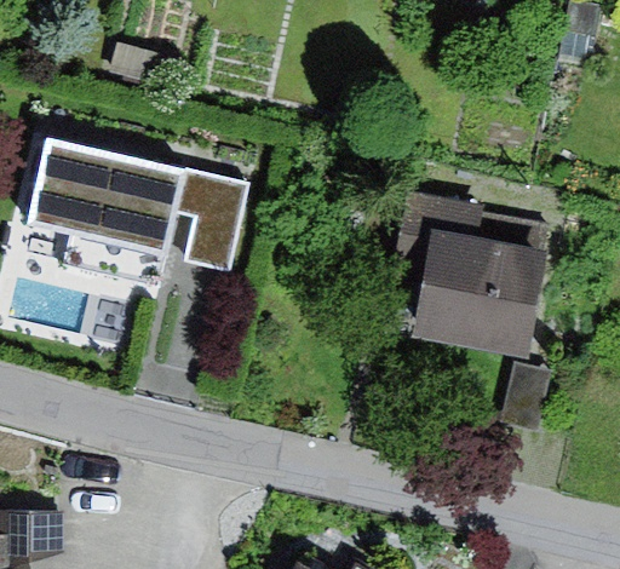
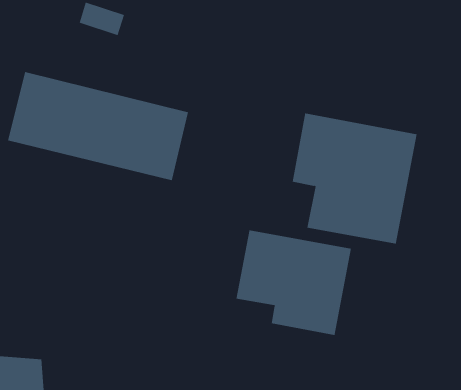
building: none -> [236,229,351,336]

